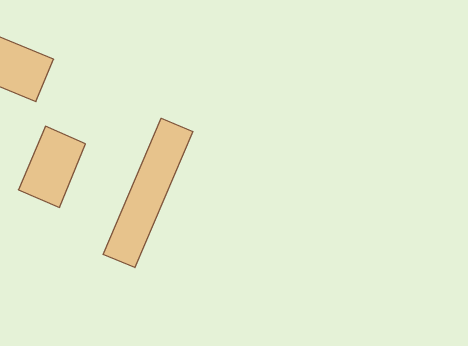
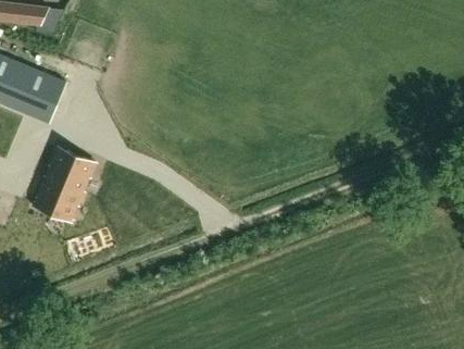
building: [103,118,193,268] -> none

